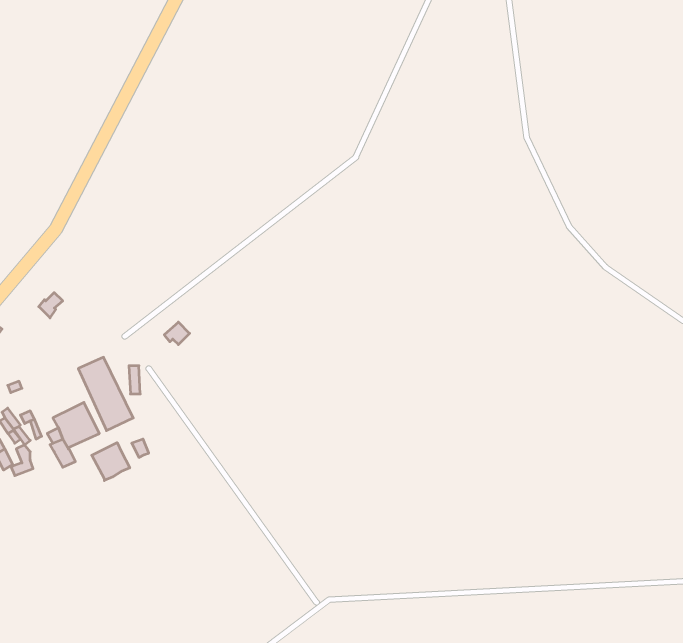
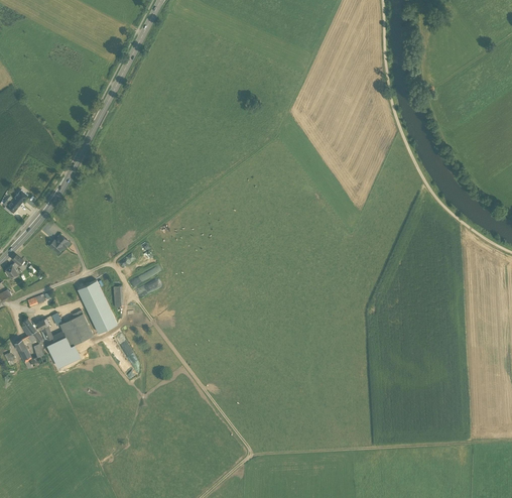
building: [92,443,130,481] -> none

